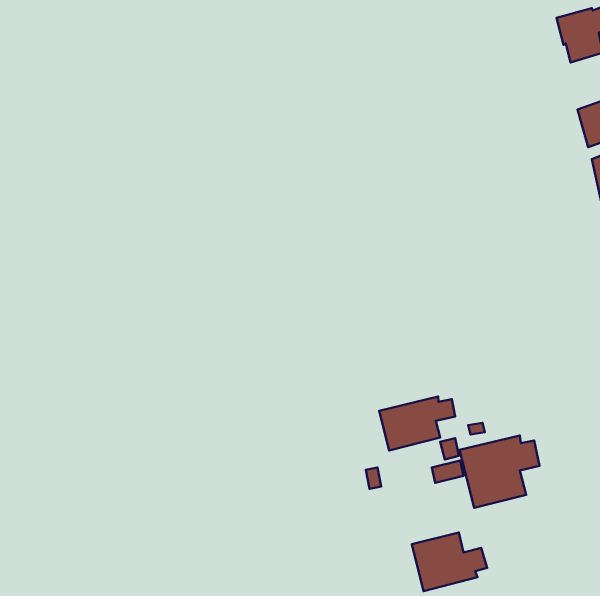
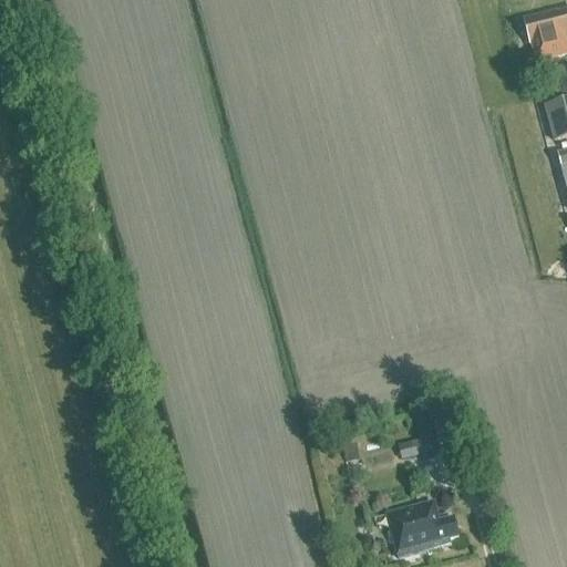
building: [379,397,455,450] -> none
building: [460,435,539,508] -> none

